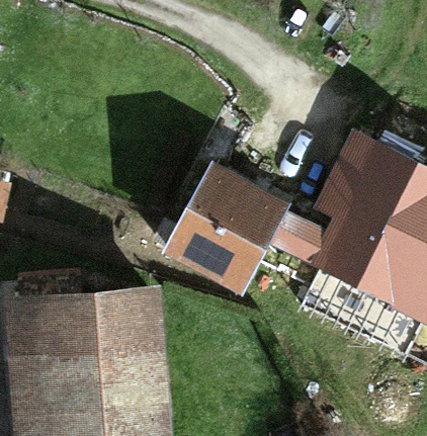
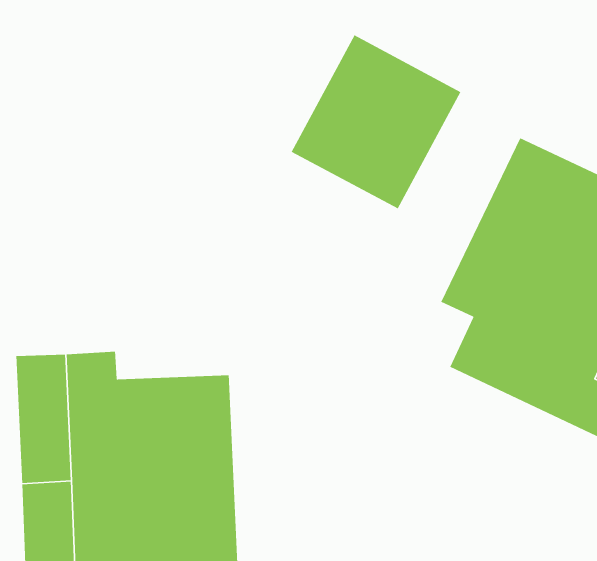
building: [171,170,288,290] -> [291,34,462,210]

